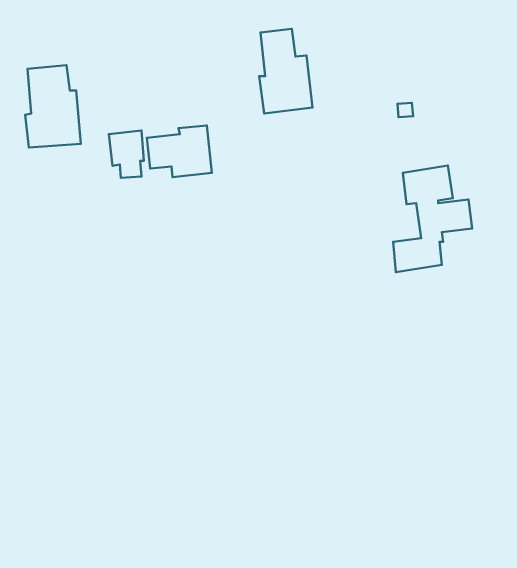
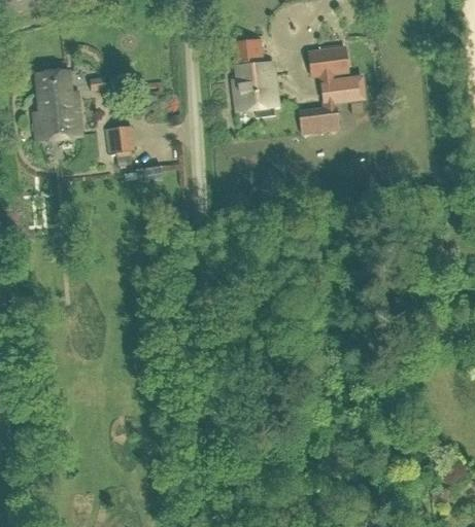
building: [147,126,212,177] -> none
building: [393,165,472,272] -> [299,44,366,135]

